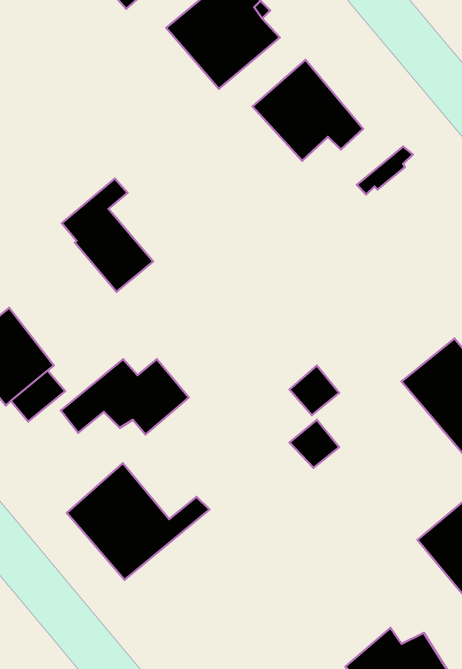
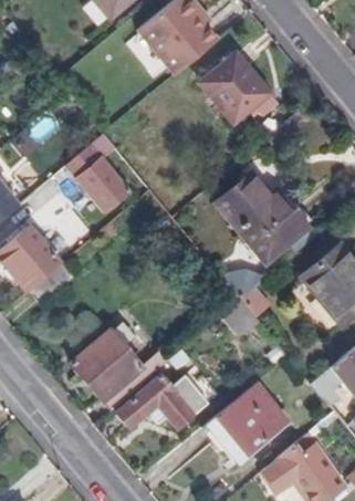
building: none -> [219,164,325,260]
building: [61,359,189,434] -> [118,377,207,429]
building: none -> [210,384,286,458]

